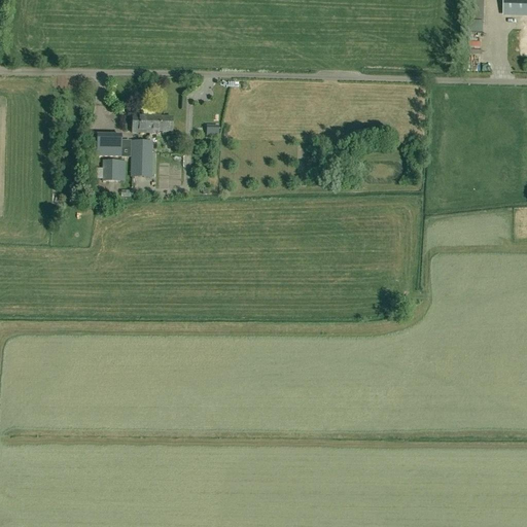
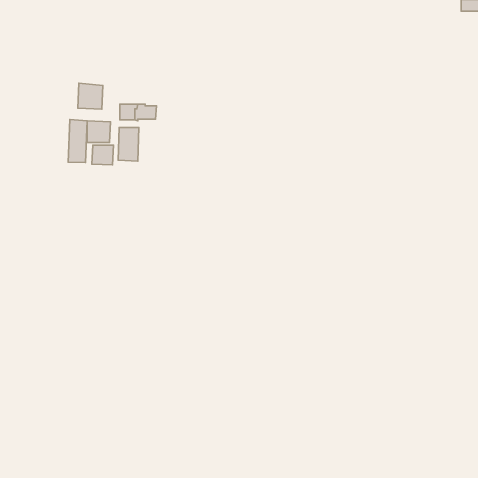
building: none -> [78,83,103,109]
building: none -> [68,120,87,162]

